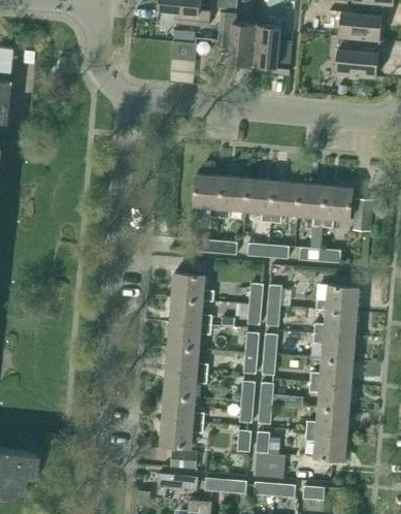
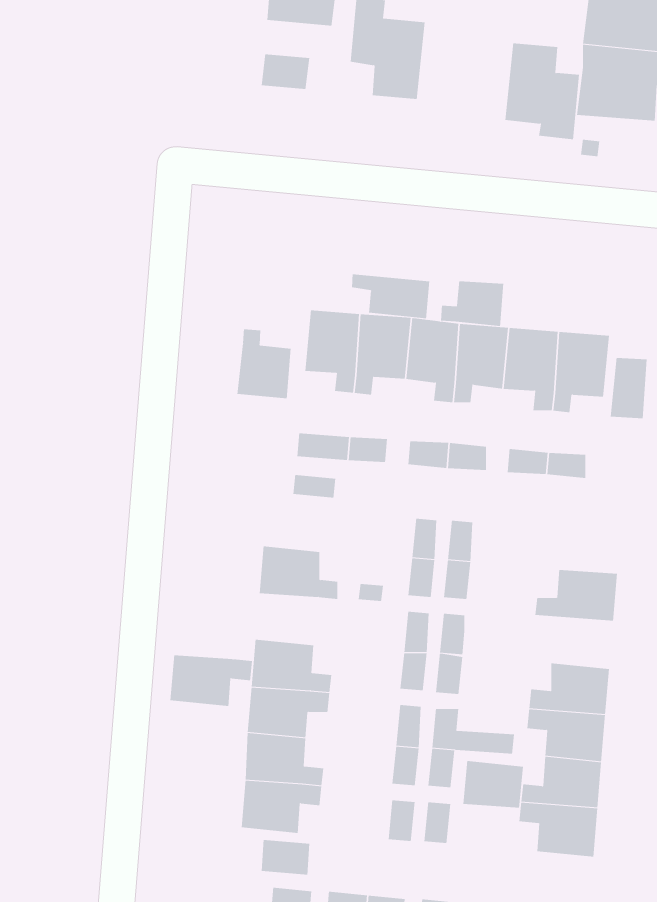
building: [253,25,292,75] -> [505,43,580,140]
building: none -> [351,273,430,319]
building: none -> [440,280,504,327]
building: none -> [237,329,291,399]
building: [172,272,214,301] -> none
building: [315,285,359,312] -> none
building: [168,322,211,349] -> [170,655,253,707]
building: [313,333,355,361] -> none
building: [254,453,286,478] -> [462,761,524,808]

